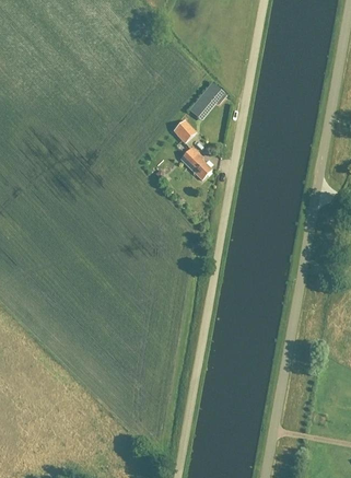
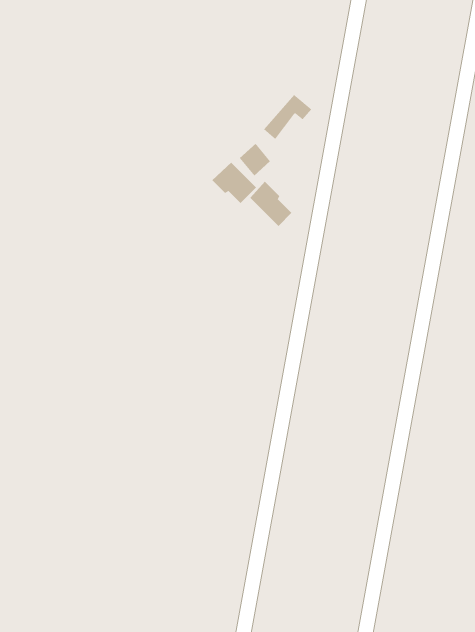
building: none -> [212,162,257,204]

